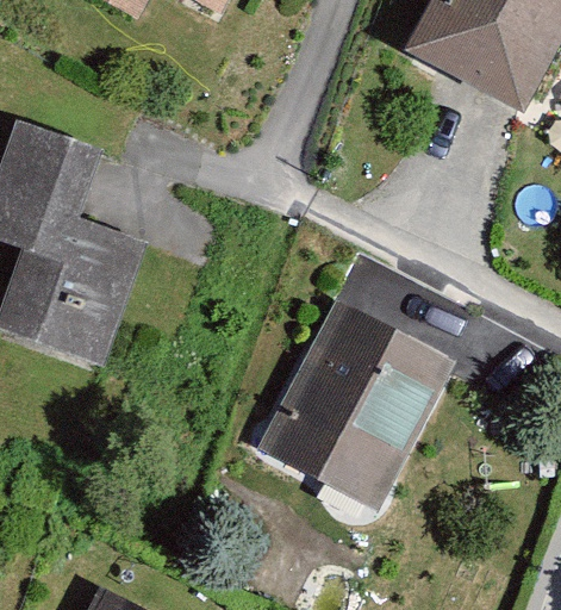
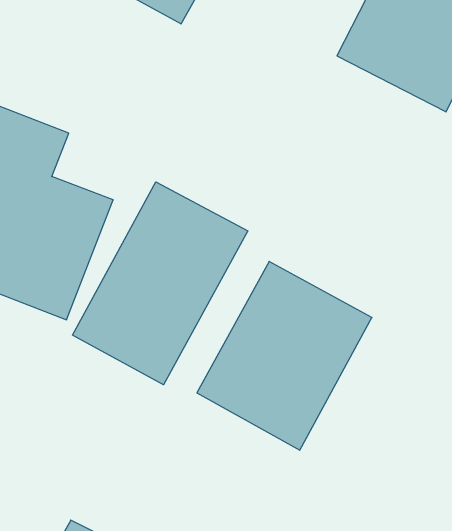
building: none -> [73,182,248,385]

